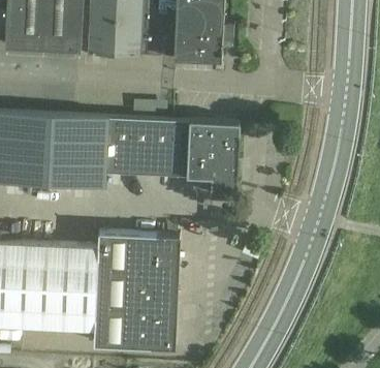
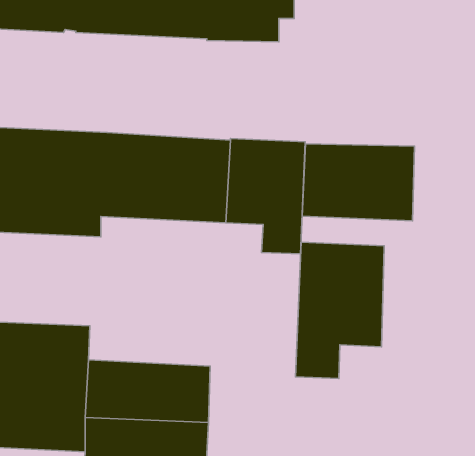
building: none -> [302,144,415,221]
building: none -> [295,242,384,379]
building: [96,234,179,275] -> none

